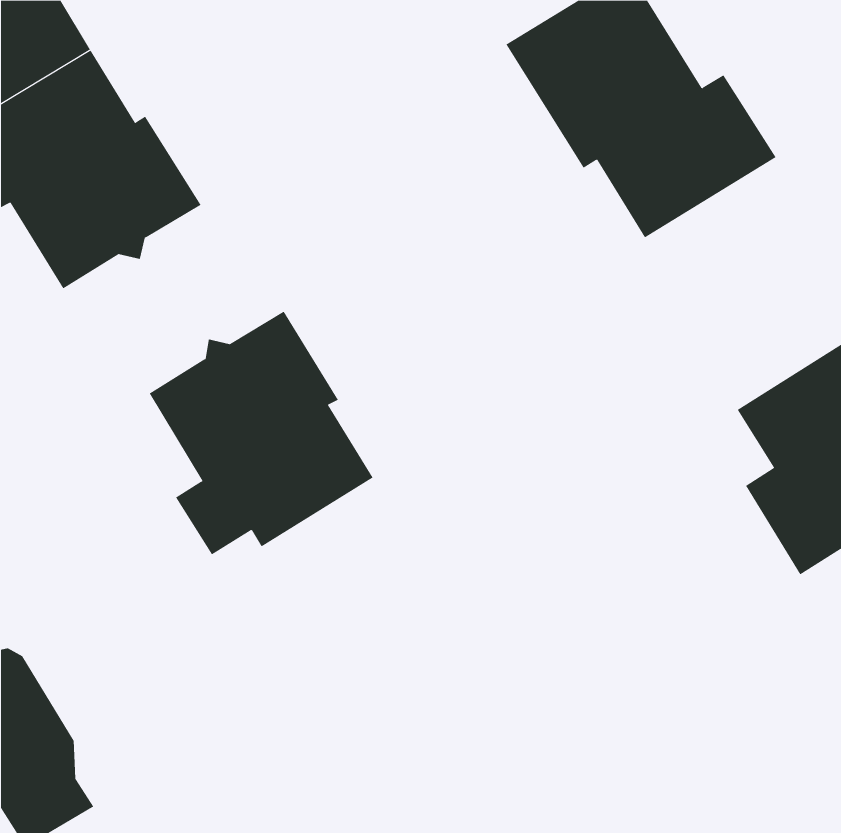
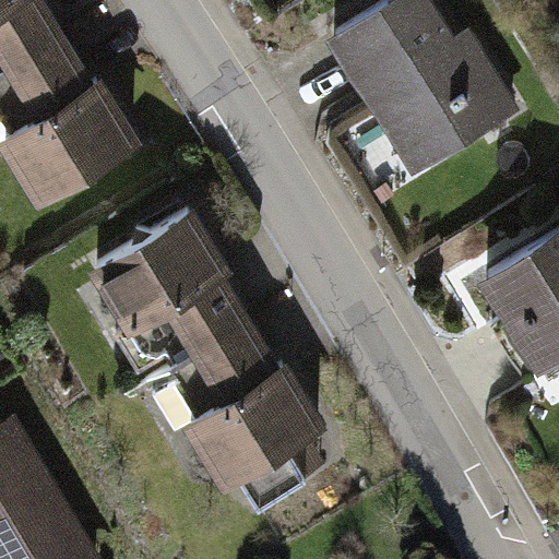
building: none -> [157,323,321,508]

